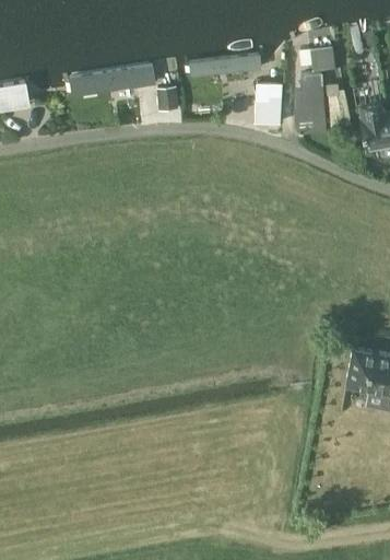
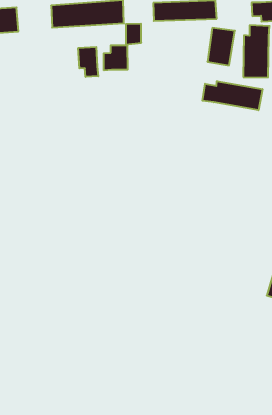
building: none -> [104,45,128,70]
building: none -> [78,47,98,77]
building: none -> [202,81,262,110]

